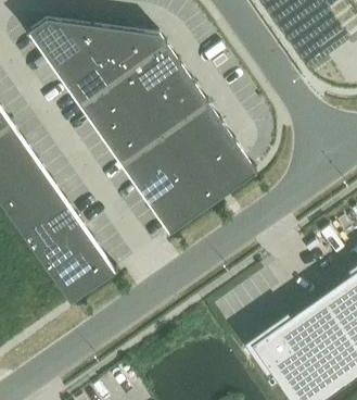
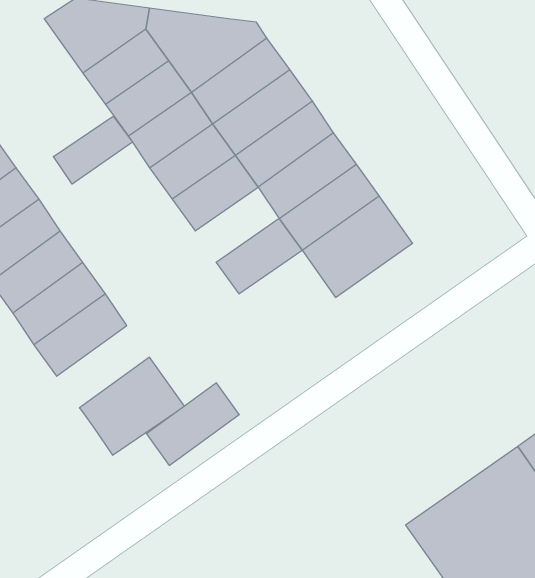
building: none -> [53,116,133,184]
building: [122,137,174,184] -> none
building: [149,176,208,233] -> none
building: [36,223,93,274] -> [146,383,239,465]

